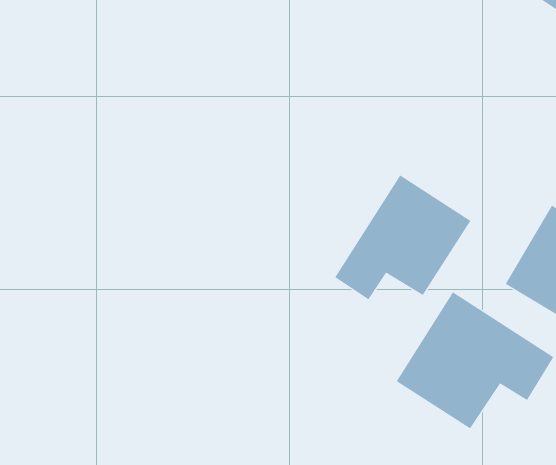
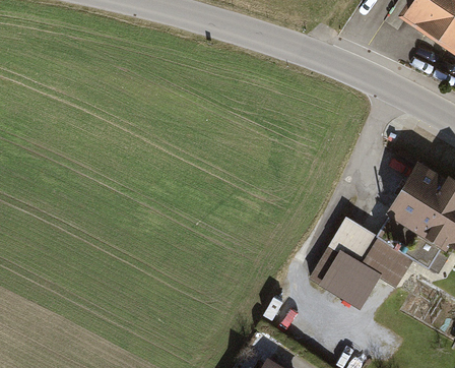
building: [335,174,471,300] -> none

